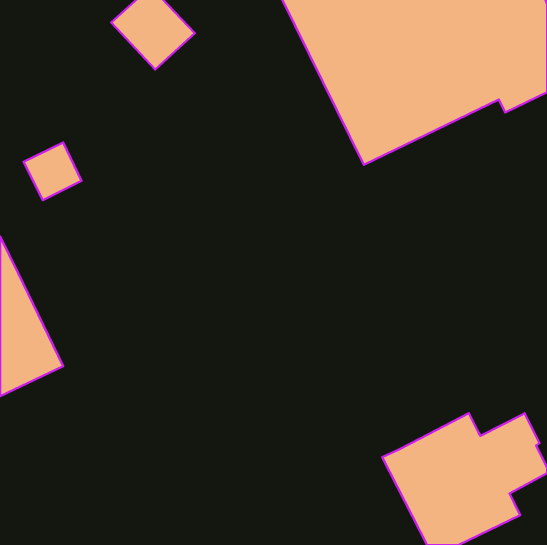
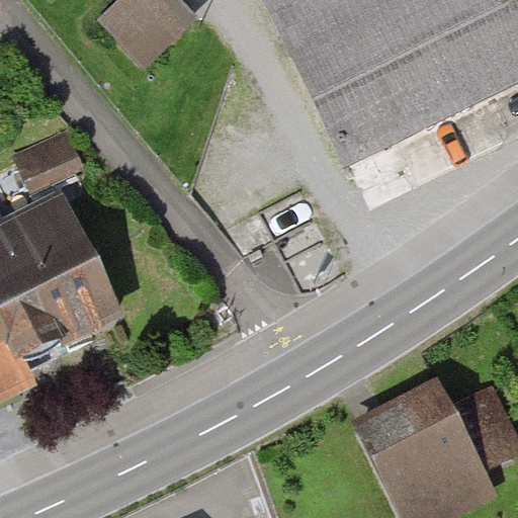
building: none -> [17,206,118,346]

